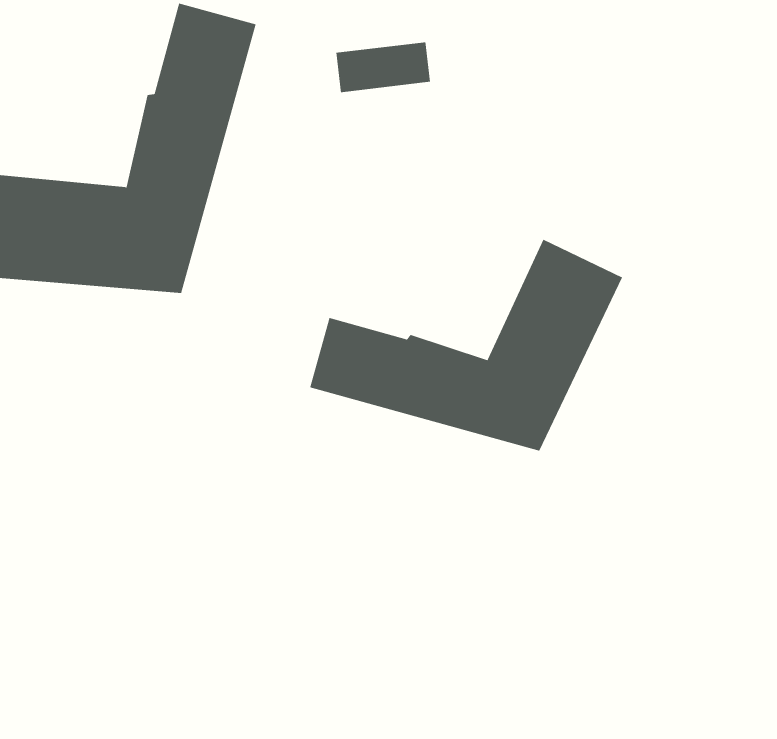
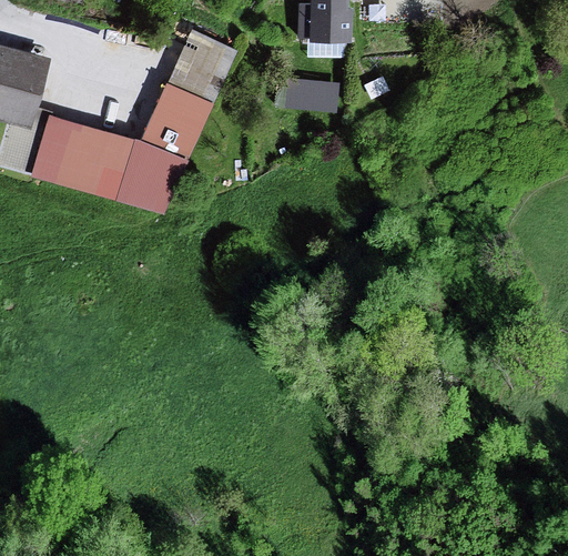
building: [309,239,623,451] -> none

